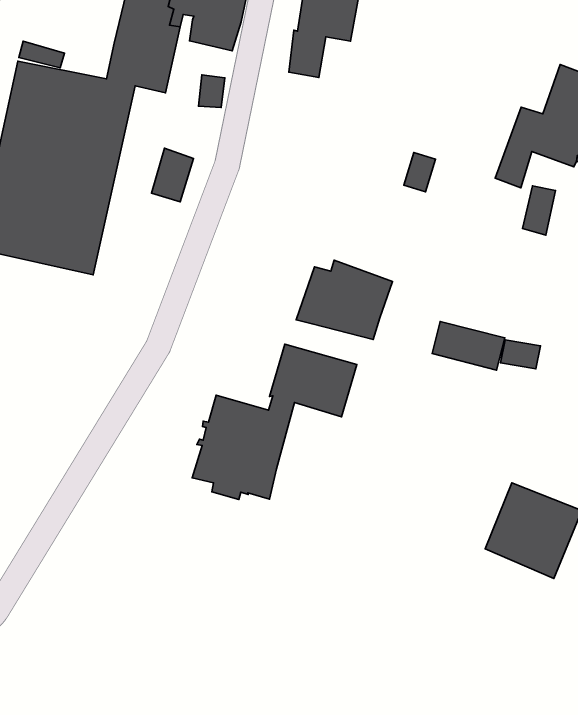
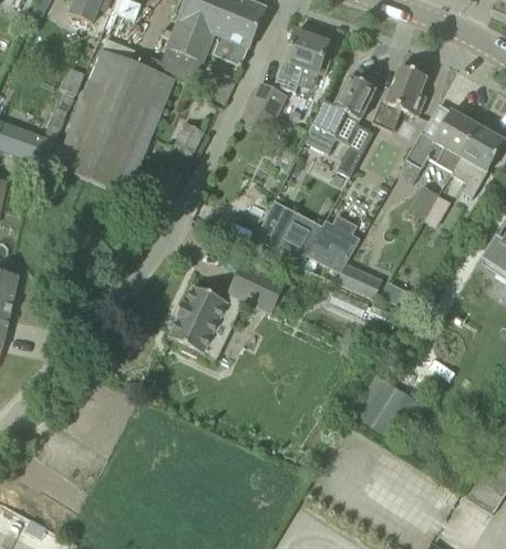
building: none -> [371,64,427,130]
building: none -> [302,74,375,152]
building: none -> [239,81,286,131]
building: none -> [307,225,354,270]

